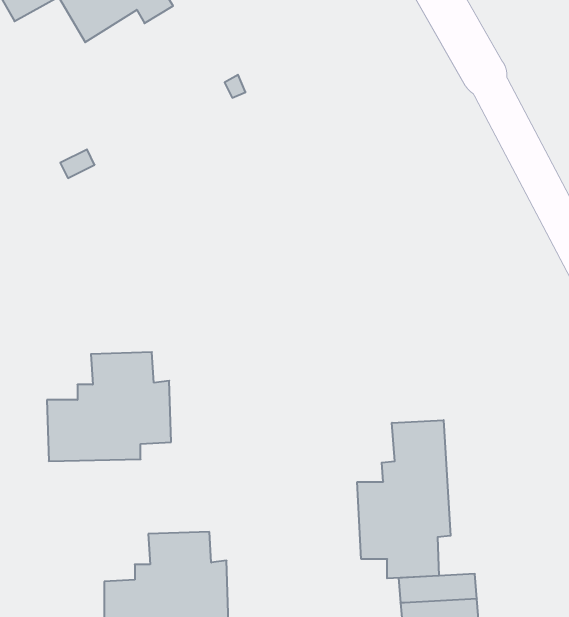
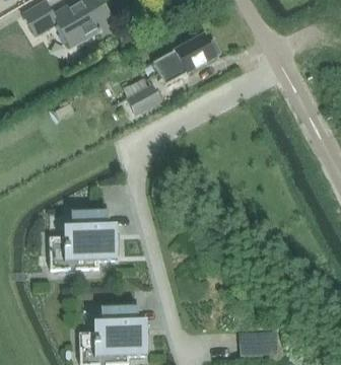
building: none -> [153,33,221,84]
building: none -> [127,85,161,116]
building: [357,420,451,578] -> none

